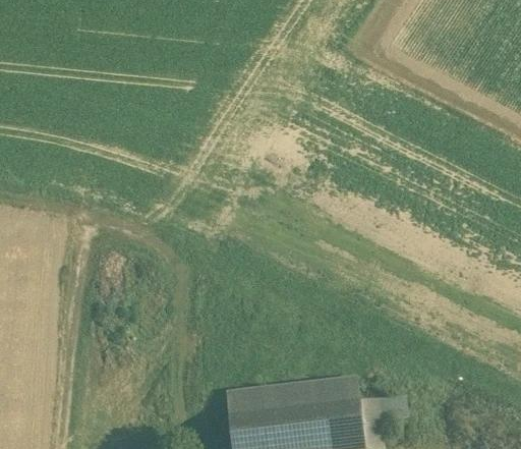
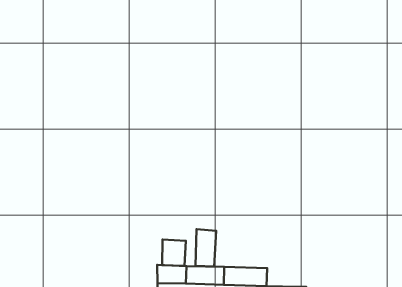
building: none -> [196,229,216,267]
building: none -> [162,239,186,266]

